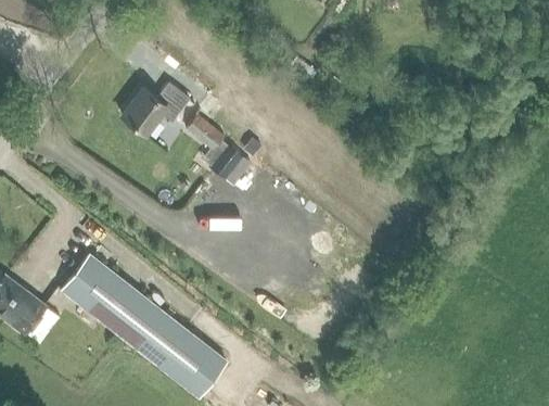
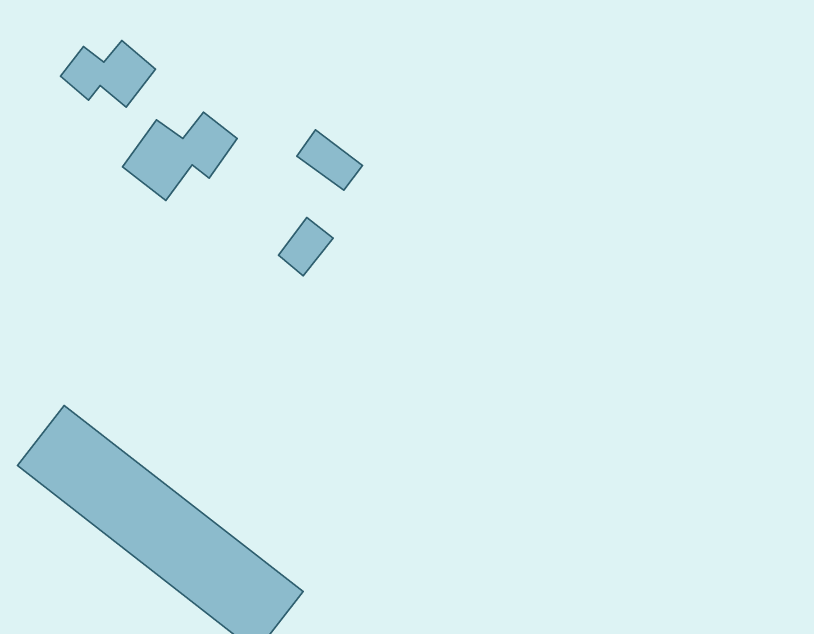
building: none -> [60,40,156,107]
building: [186,116,224,151] -> [297,130,363,190]

